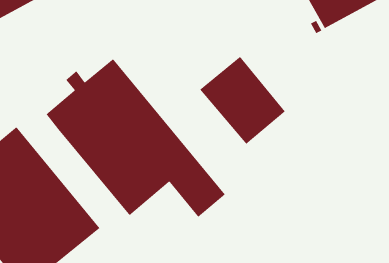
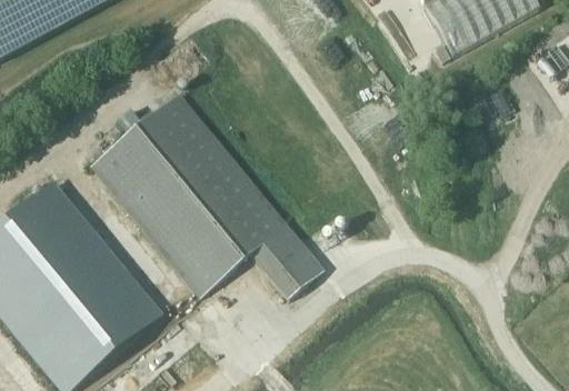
building: [199,56,286,145] -> none

